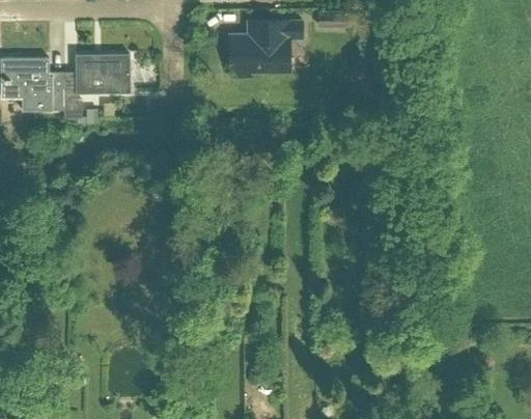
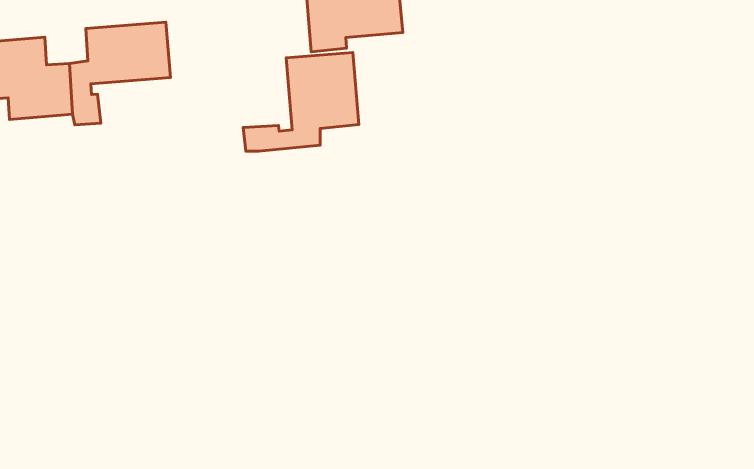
building: none -> [243,53,359,151]

